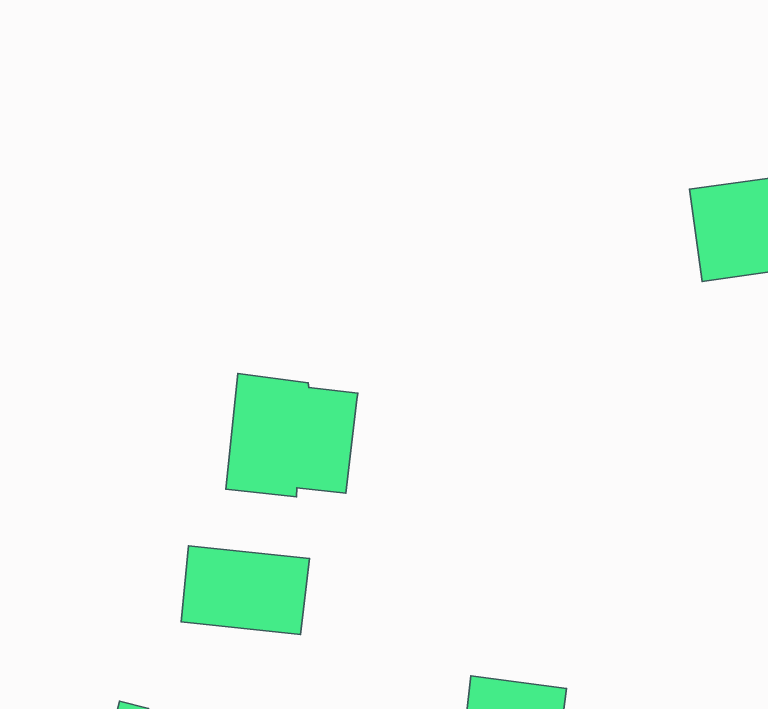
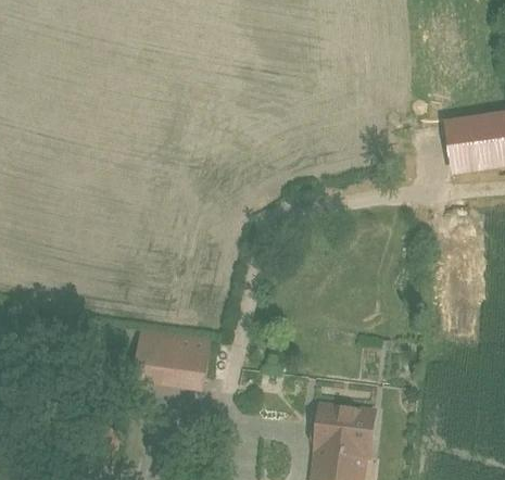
building: [226,373,358,497] -> none

